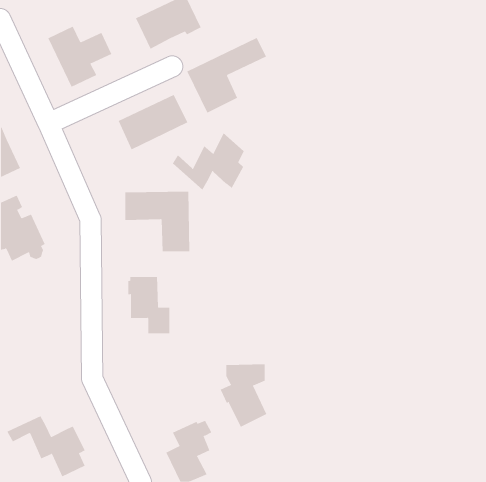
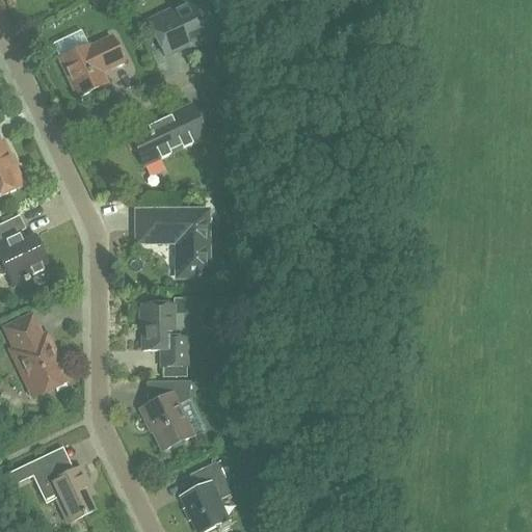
building: [187,37,267,114] -> none
building: [172,132,244,190] -> none
building: none -> [4,314,68,395]
building: [220,364,267,428] -> [139,379,191,449]

